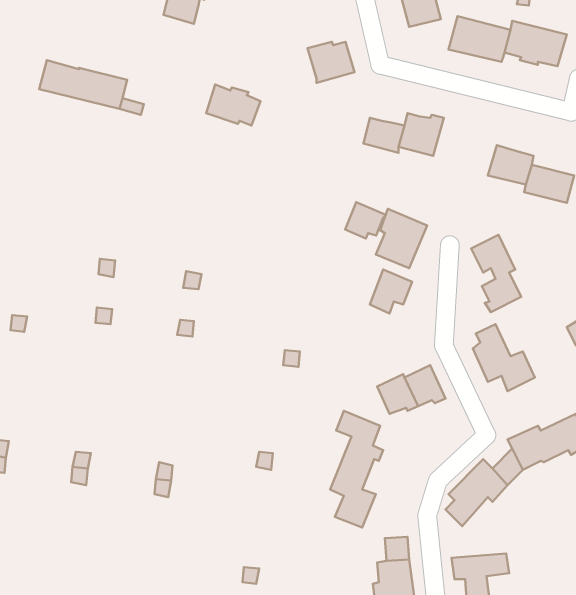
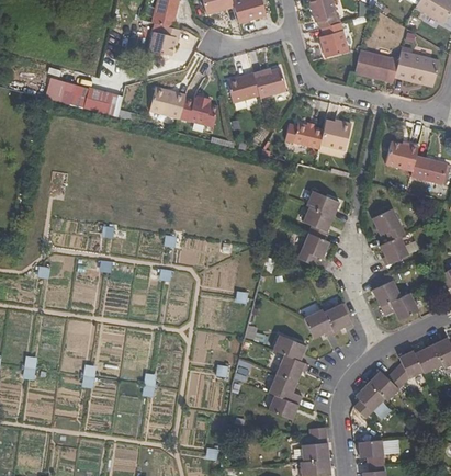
building: none -> [226,72,259,102]
building: none -> [149,88,185,121]
building: [345,202,386,238] -> none

